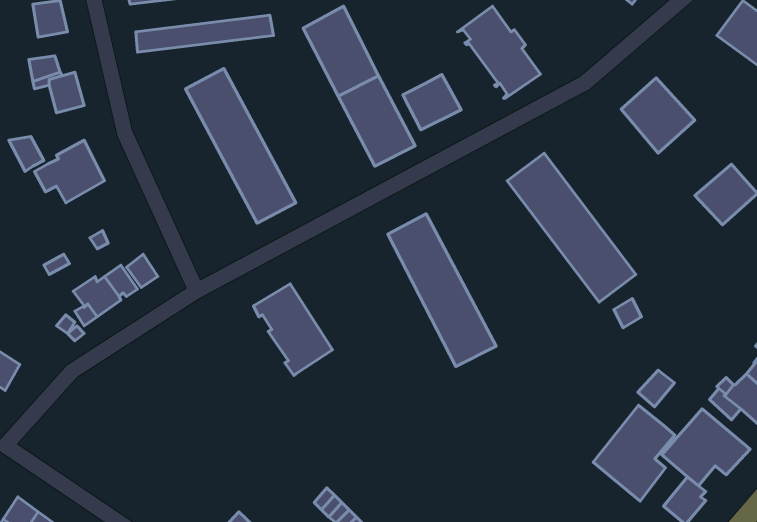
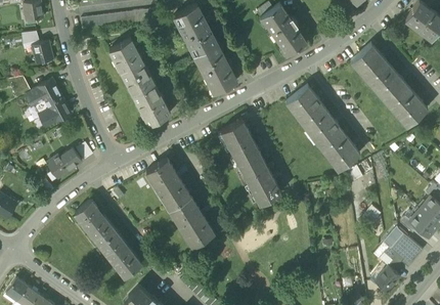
building: [403,74,461,130] -> none
building: none -> [371,68,412,110]
building: none -> [31,101,71,128]
building: none -> [170,195,214,247]
building: none -> [75,201,141,276]
building: [593,405,675,501] -> none

